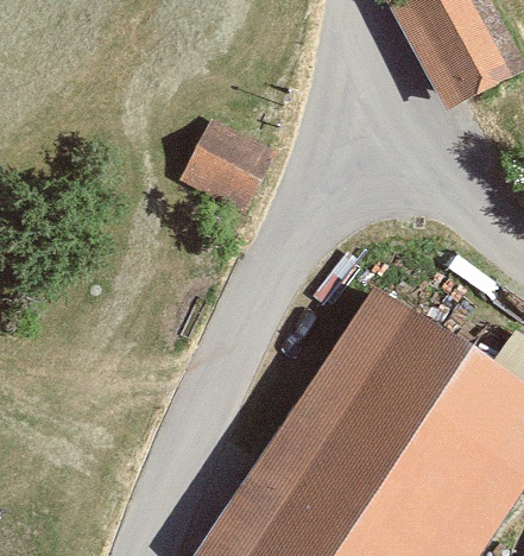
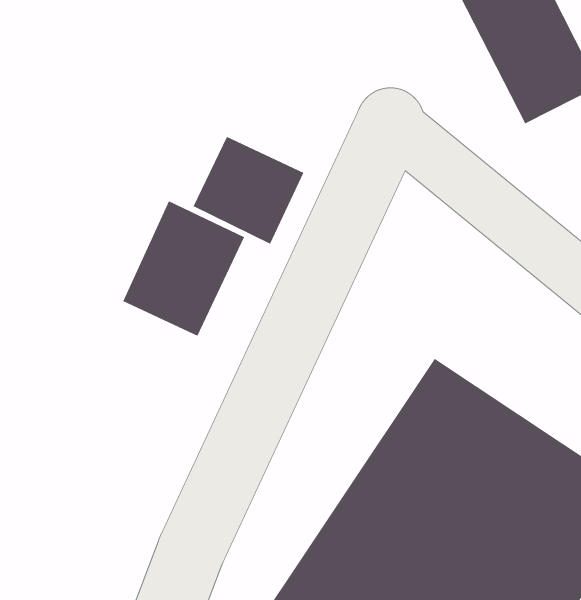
building: none -> [122,200,245,337]

